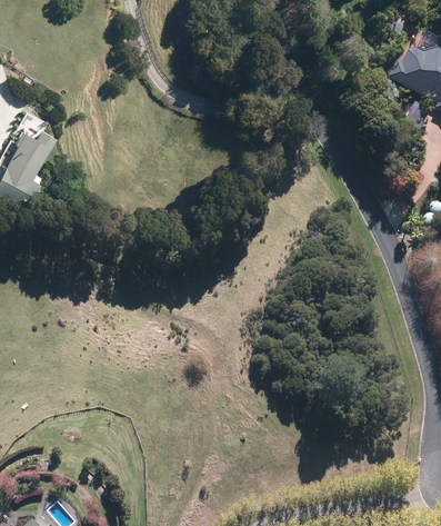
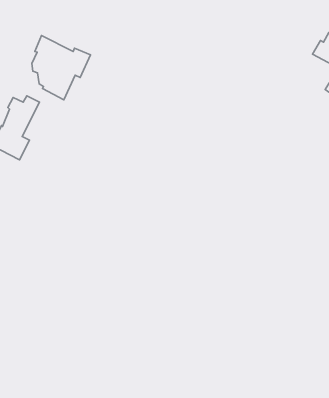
building: none -> [32,35,91,100]

